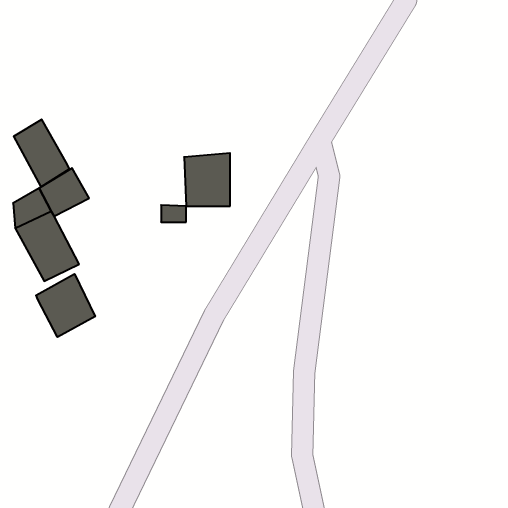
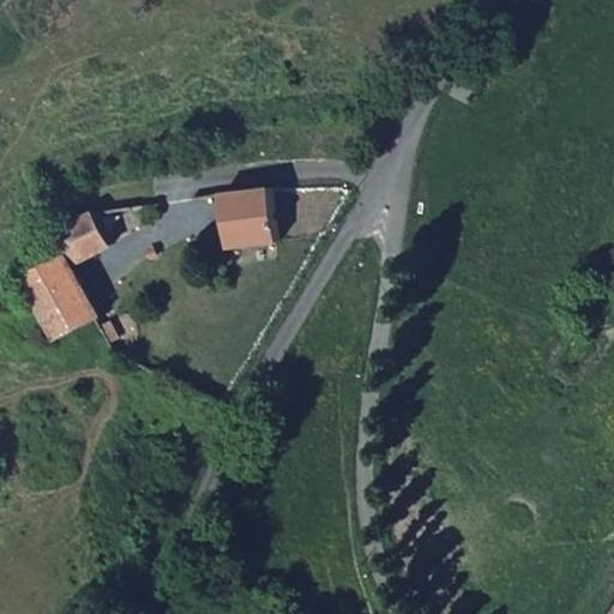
building: [14,119,69,187] -> none
building: [36,274,95,337] -> none

